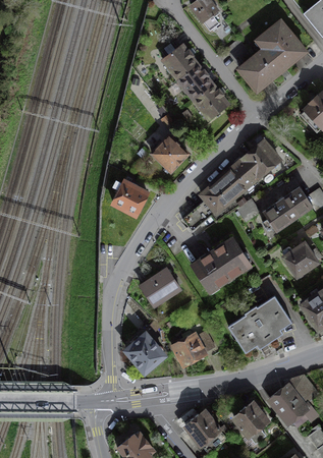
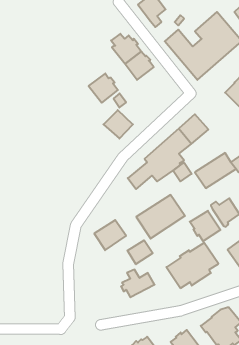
building: [192,83,227,119] -> [89,73,118,103]
building: [111,180,147,215] -> none
building: none -> [190,211,220,241]
building: none -> [127,240,153,264]
building: [125,333,163,370] -> none

